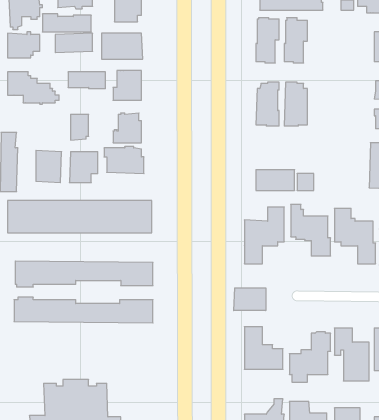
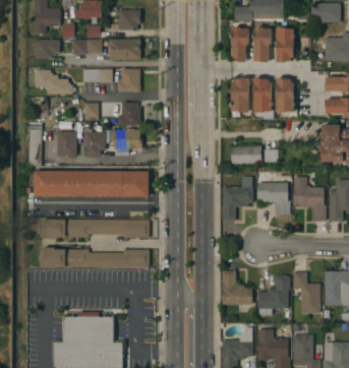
building: none -> [276,27,294,62]
building: none -> [277,77,294,112]
building: [234,288,266,311] -> none

